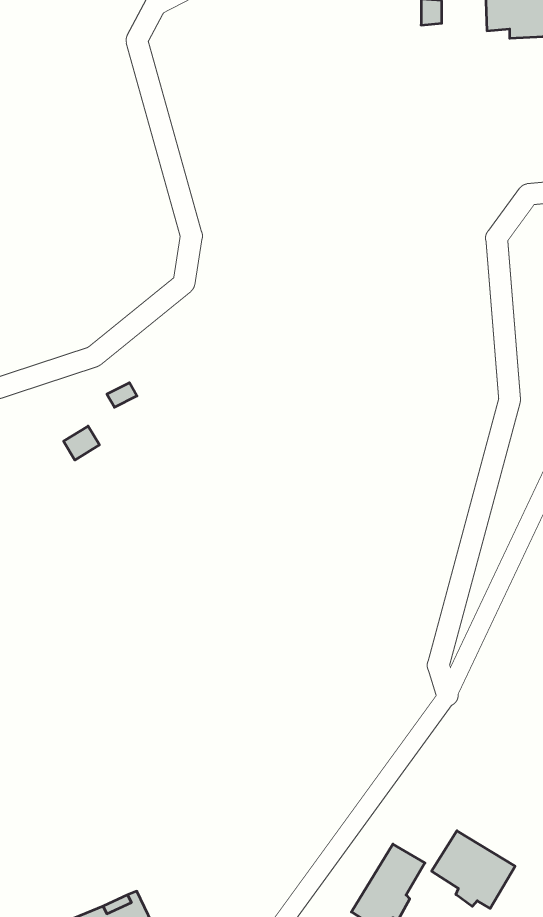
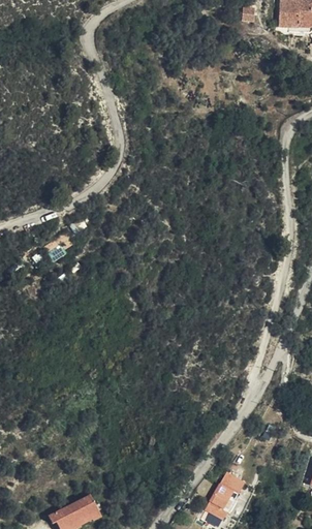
building: [432,831,515,908] -> none

